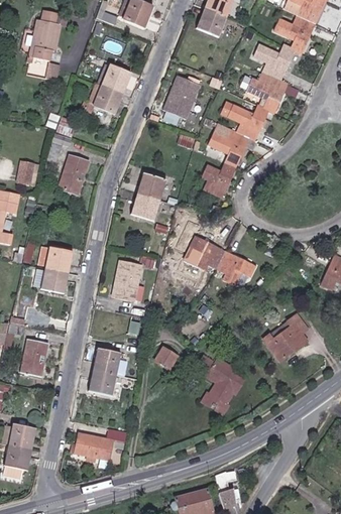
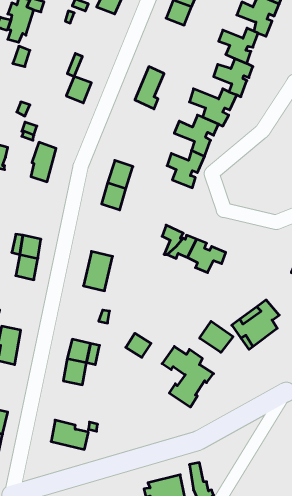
building: [103,70,128,96] -> none
building: none -> [200,321,233,352]

